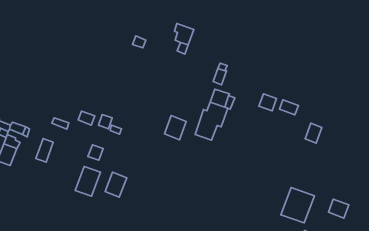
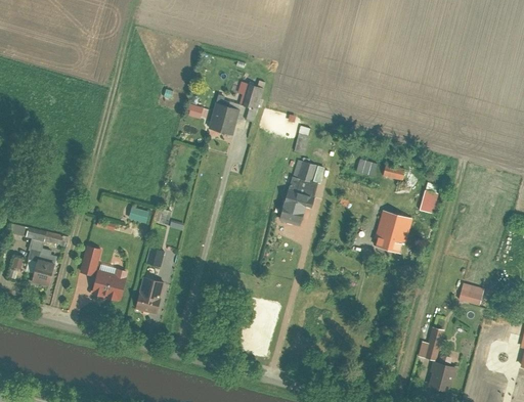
building: none -> [208,102,238,134]
building: [164,116,186,140] -> none
building: none -> [92,270,126,301]
building: [105,172,127,197] -> none
building: [281,188,314,223] -> [373,210,412,253]

